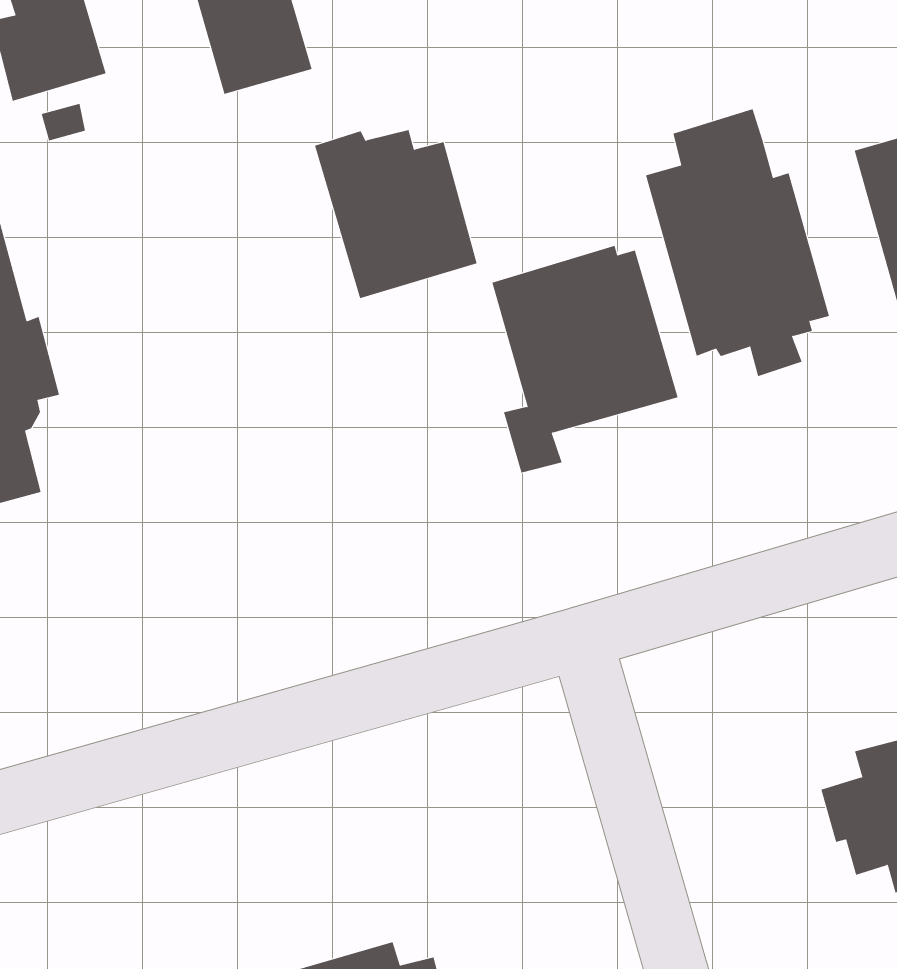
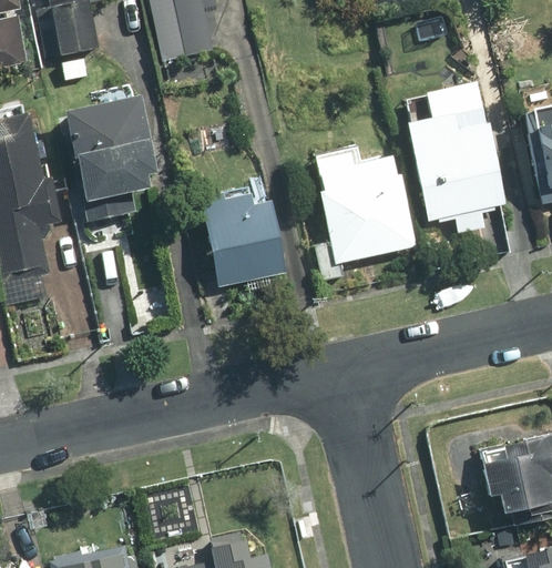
building: [314,130,477,299] -> [204,193,290,286]
building: none -> [70,100,161,220]

